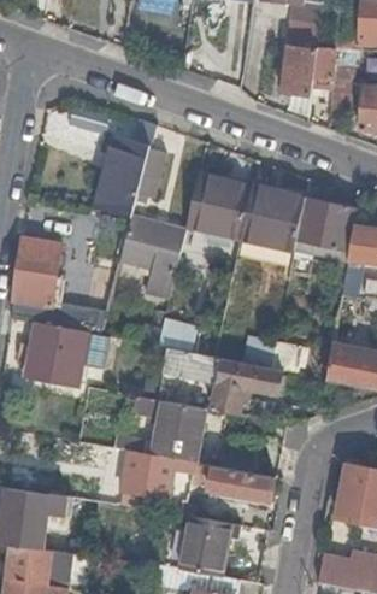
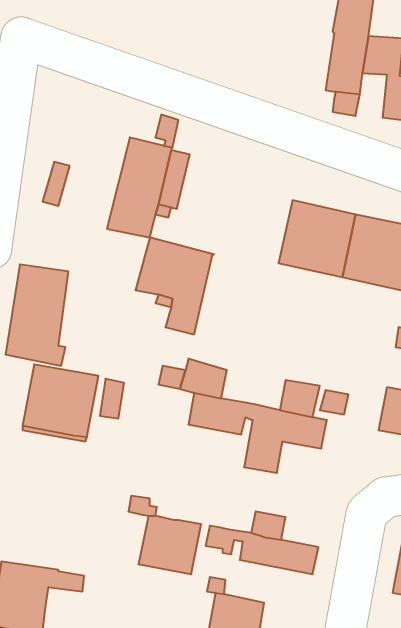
building: [184,172,252,243] -> none
building: [131,395,204,461] -> none

